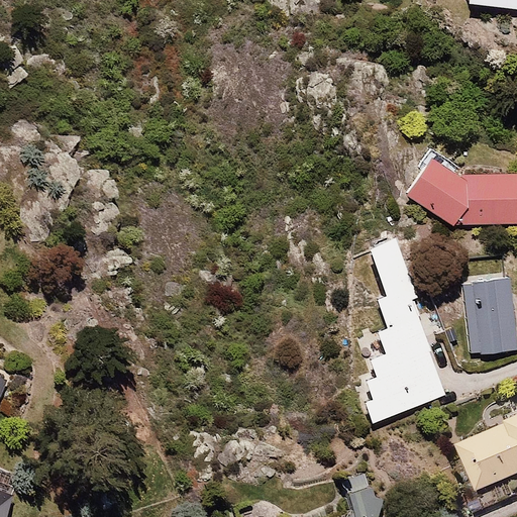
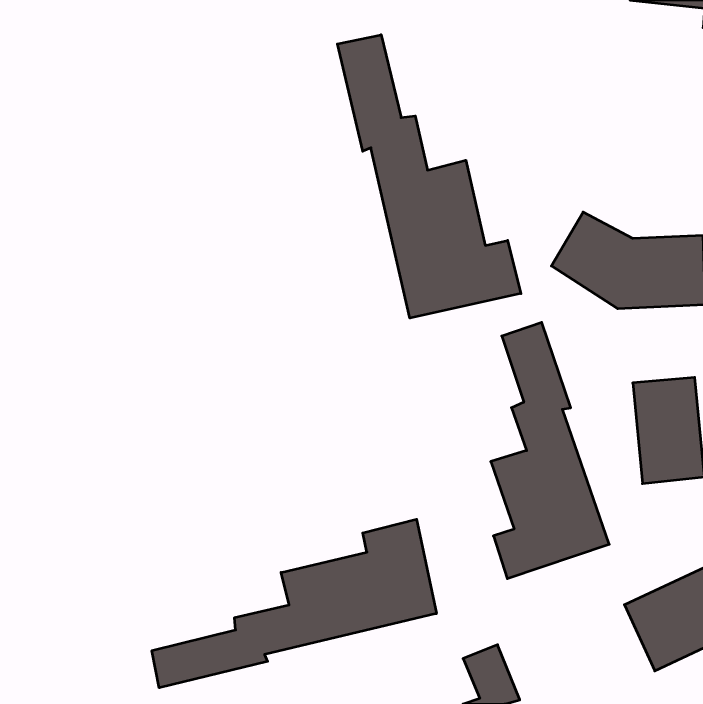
building: none -> [337,35,521,318]
building: none -> [152,519,436,688]

